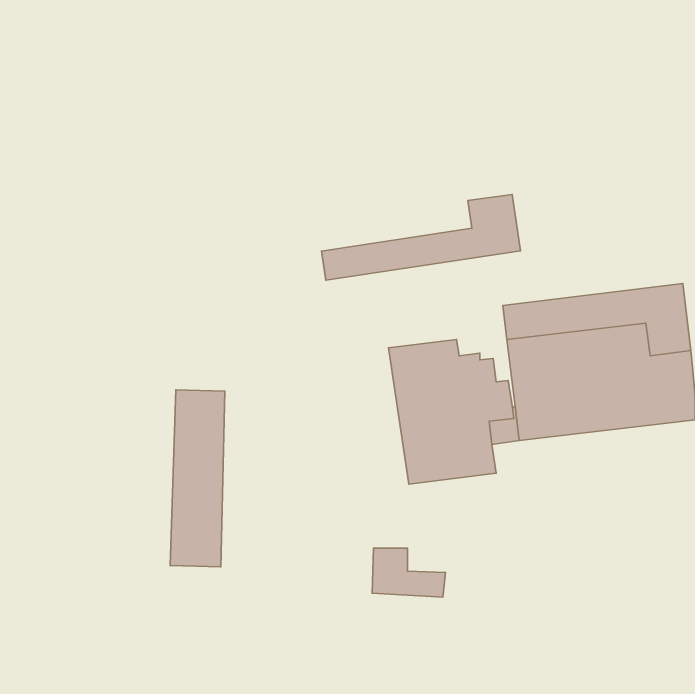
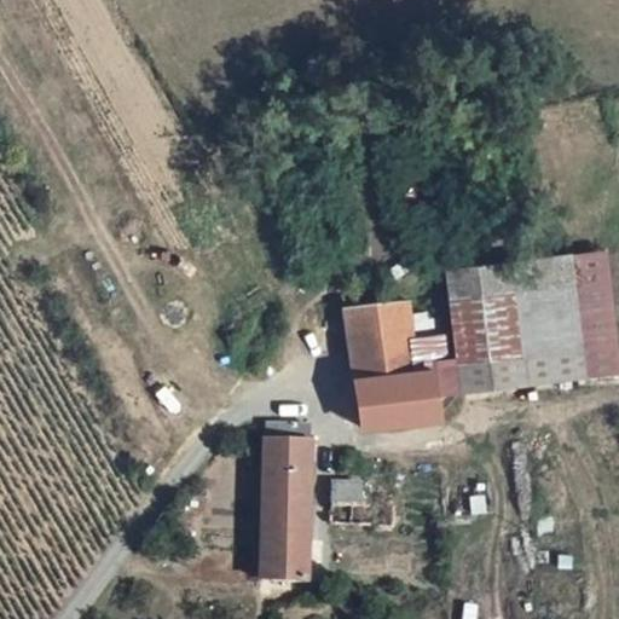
building: [321,194,521,280] -> none
building: [170,390,225,567] -> [261,428,310,585]

